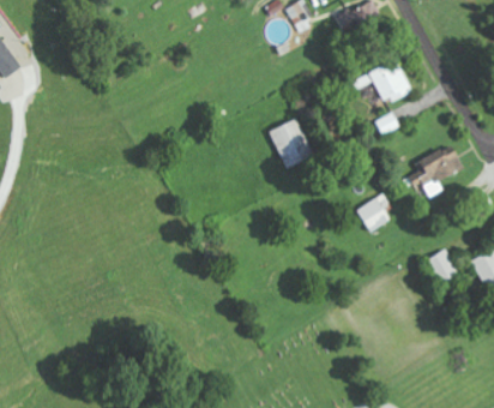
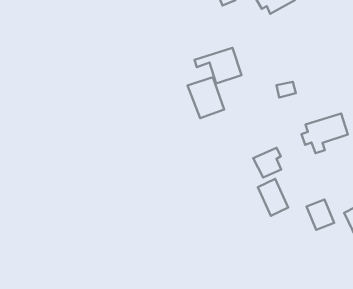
building: [354,59,411,103] -> [195,48,241,84]
building: none -> [258,179,288,216]

